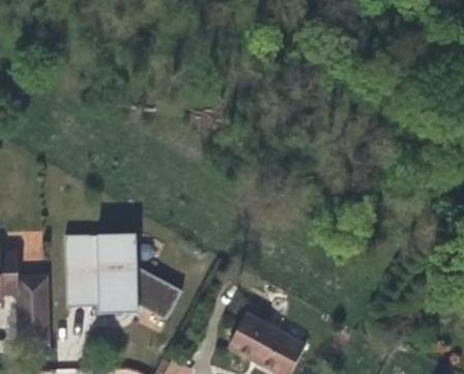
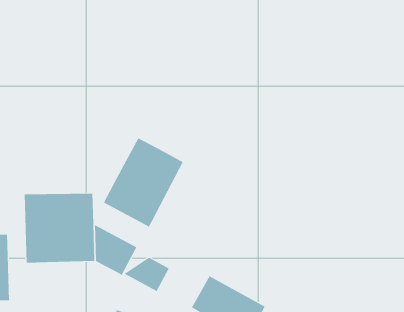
building: none -> [103,137,183,228]
building: none -> [123,257,170,292]

